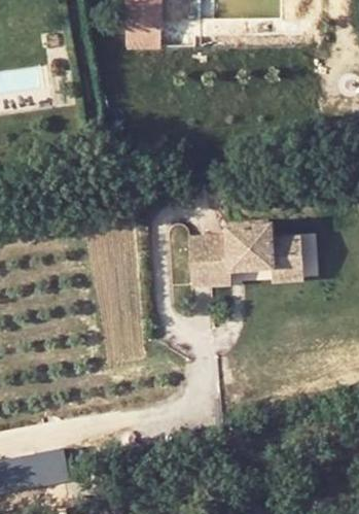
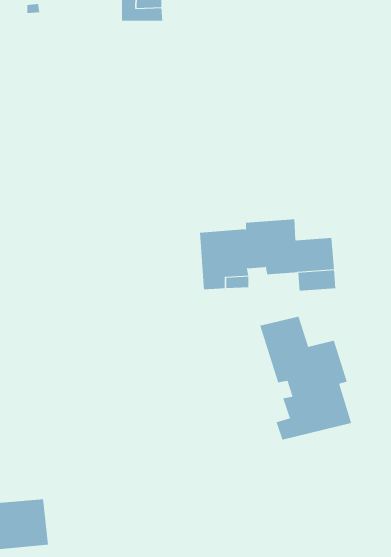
building: none -> [259,316,352,440]

